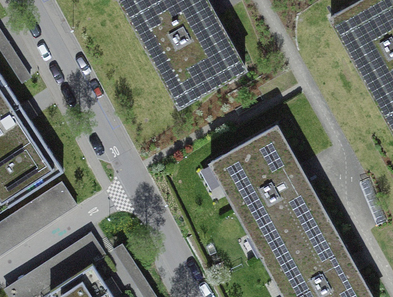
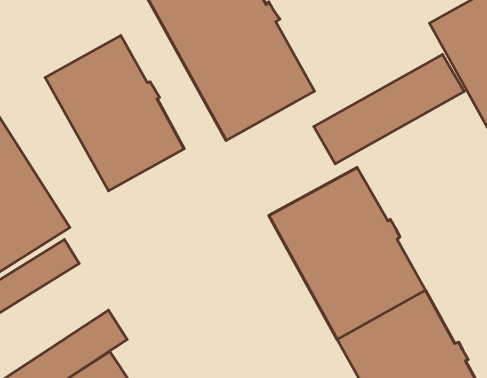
building: none -> [45,36,184,191]
building: none -> [314,54,464,164]

